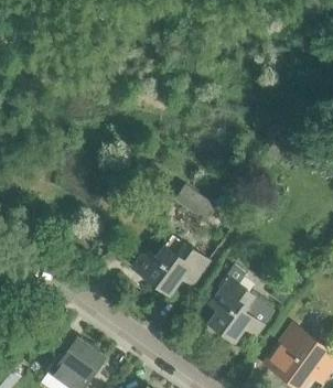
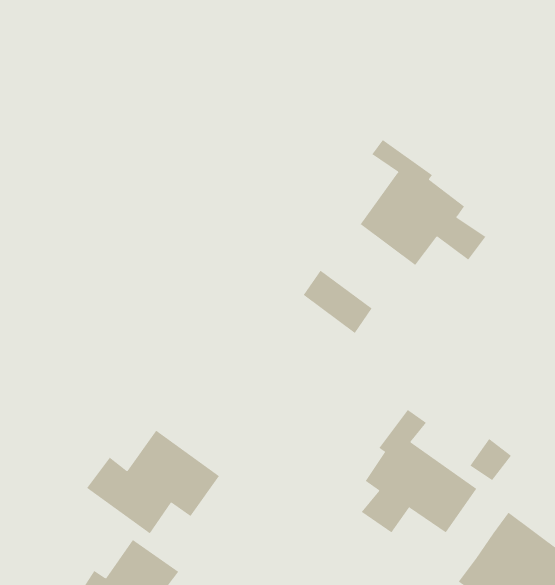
building: none -> [360,139,486,266]
building: [132,236,208,295] -> [86,430,220,534]

